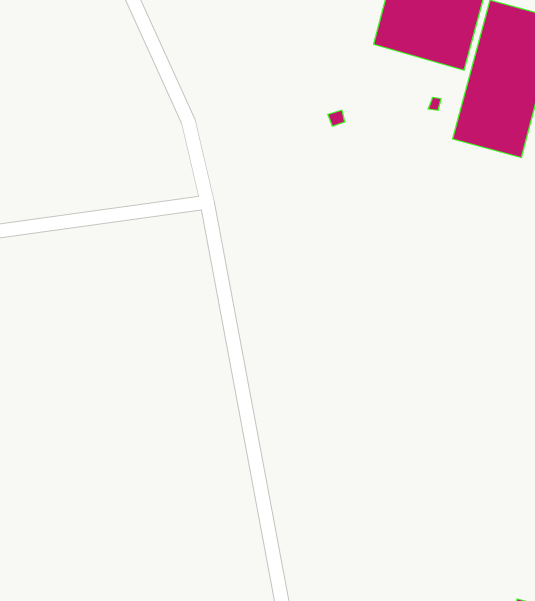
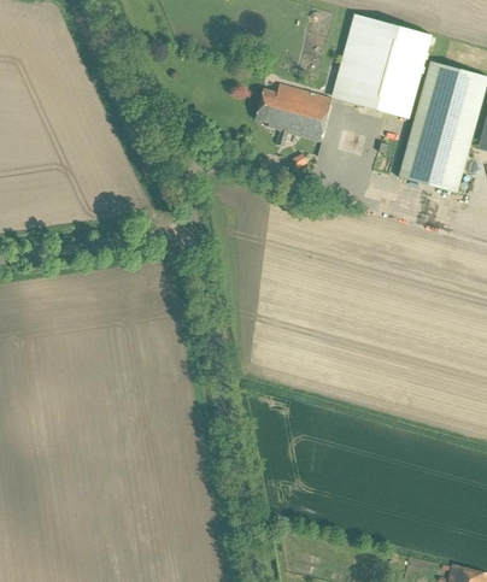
building: none -> [256,83,333,146]

